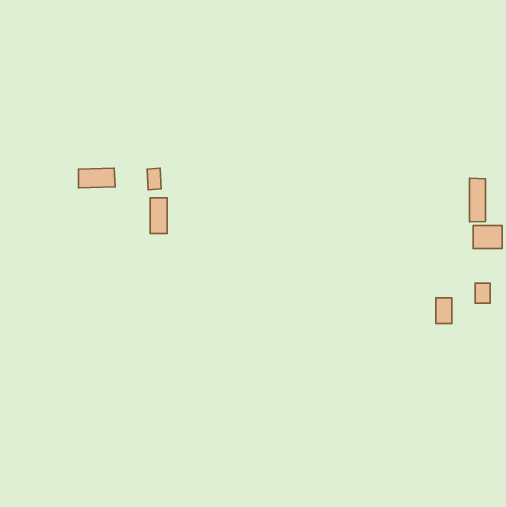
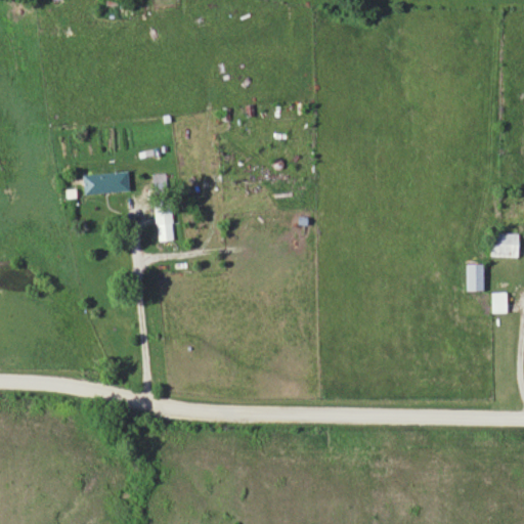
building: [469,178,485,222] -> none
building: [436,298,452,324] -> [467,264,483,291]

